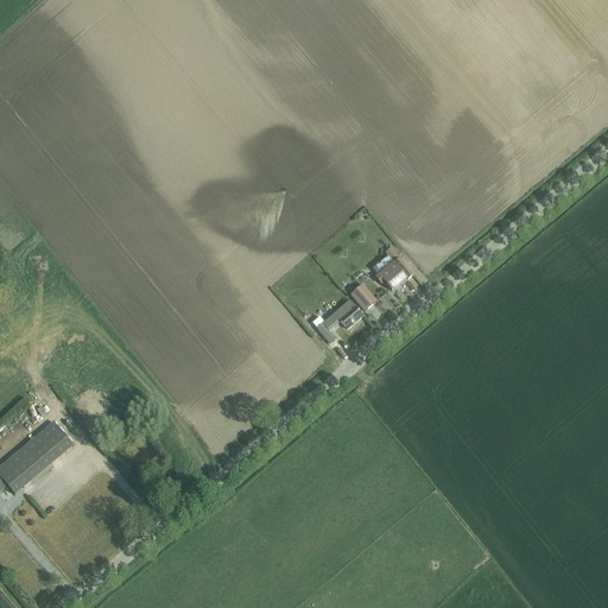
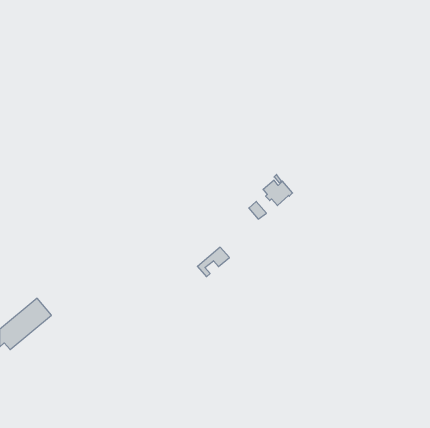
building: [317,300,362,342] -> [197,247,229,277]

